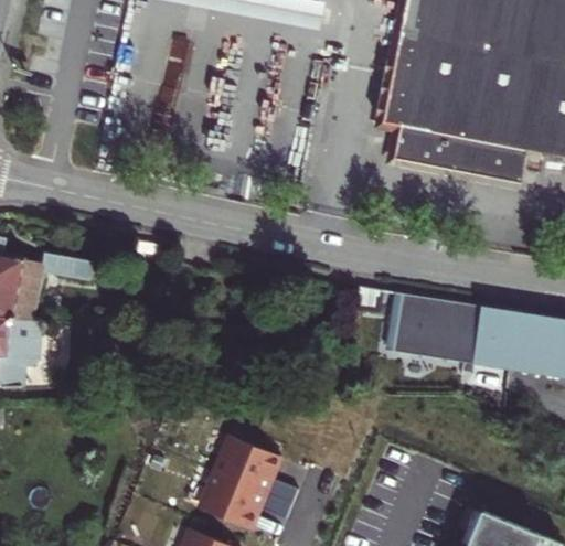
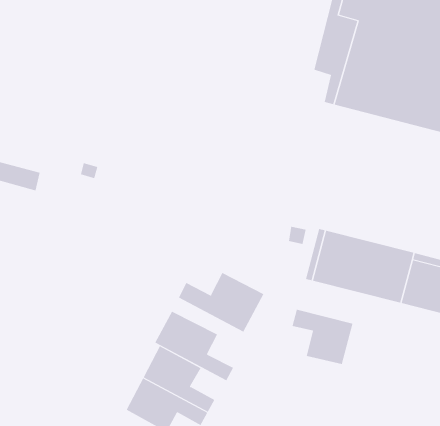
building: none -> [178,272,264,332]
building: none -> [292,309,353,365]
building: none -> [154,311,234,381]

